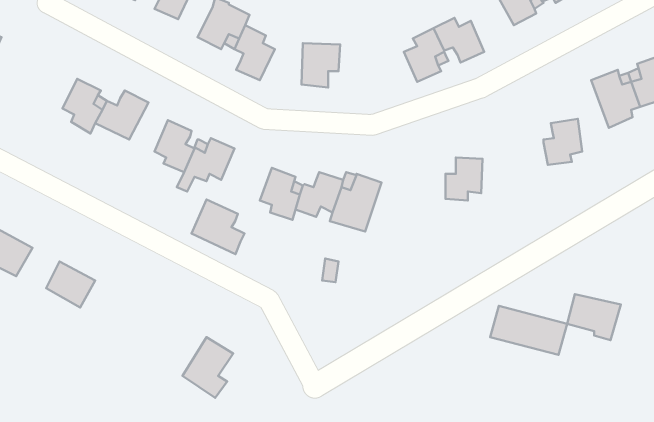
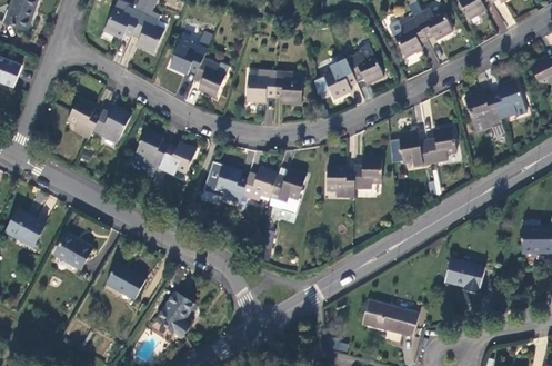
building: none -> [273,71,302,105]
building: none -> [398,133,430,166]
building: none -> [325,164,353,196]
building: [192,200,244,254] -> none
building: none -> [106,263,145,298]
building: [490,306,567,355] -> [361,299,419,336]

